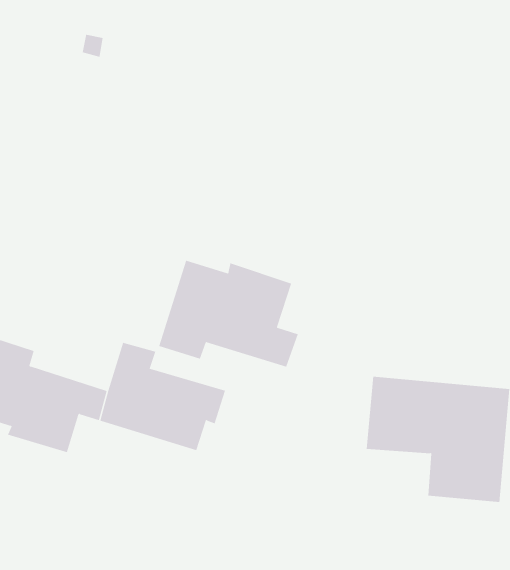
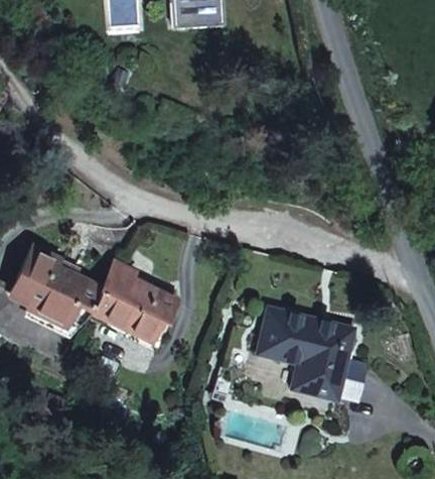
building: [158,260,299,367] -> none

